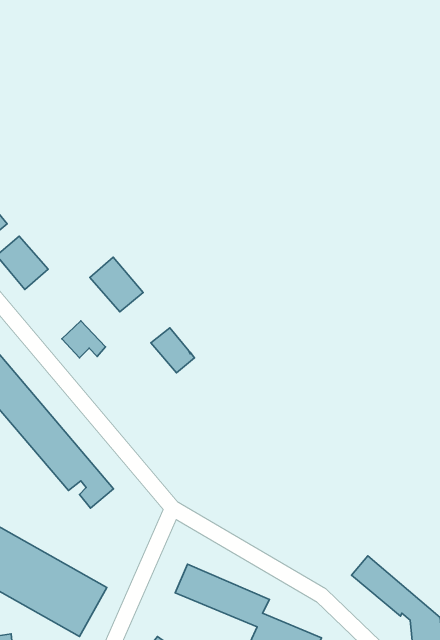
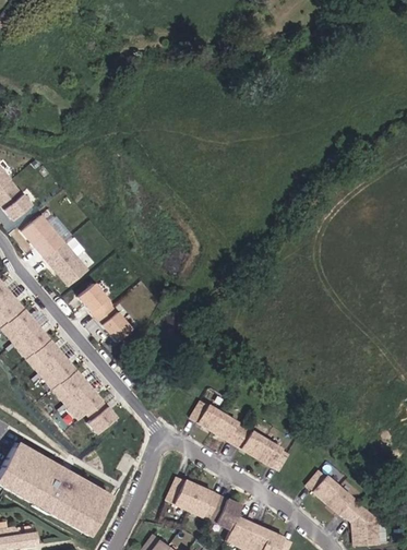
building: [90,257,143,312] -> [45,241,87,285]
building: [151,328,194,373] -> [96,306,131,342]
building: none -> [189,402,288,469]

